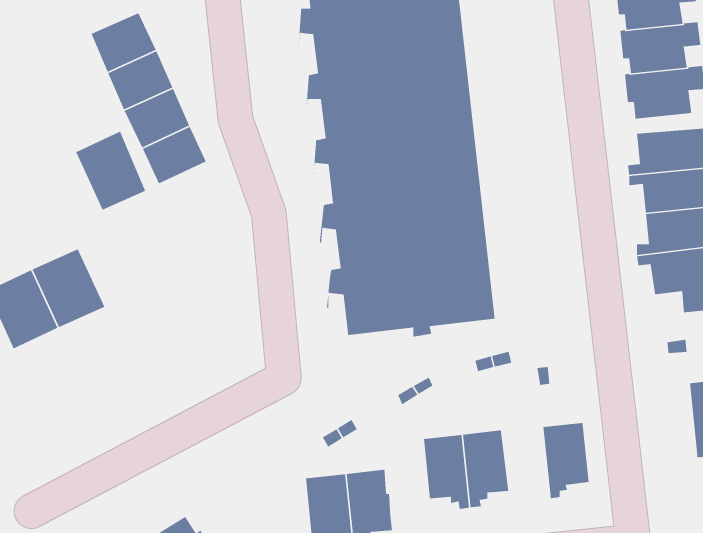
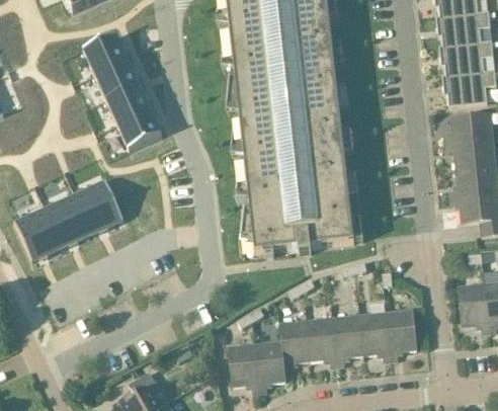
building: [75,131,146,211] -> [77,178,124,232]
building: none -> [459,282,491,334]
building: none -> [360,312,393,361]
building: none -> [280,320,312,372]

